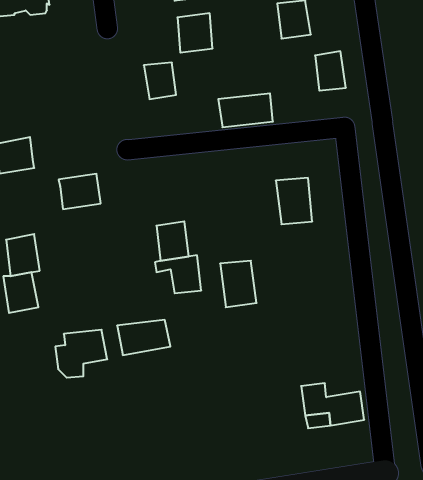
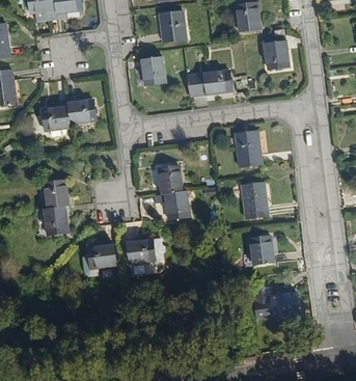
building: [59,174,101,209] -> [56,94,87,120]
building: [220,261,257,307] -> [246,185,273,219]
building: none -> [256,236,279,264]

